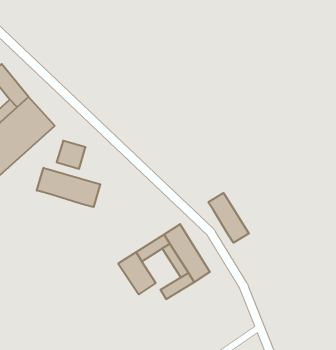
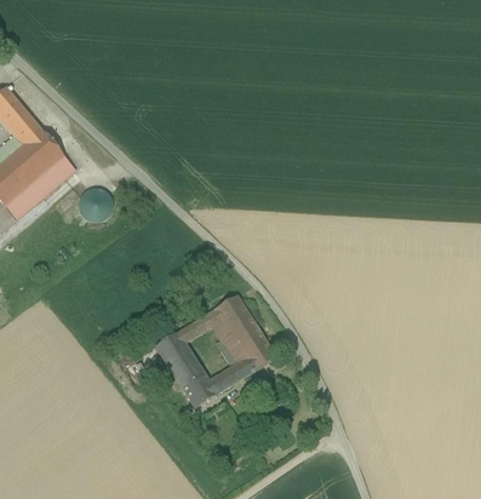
building: [37,168,100,207] -> none
building: [208,193,249,243] -> none
building: none -> [183,372,218,407]

